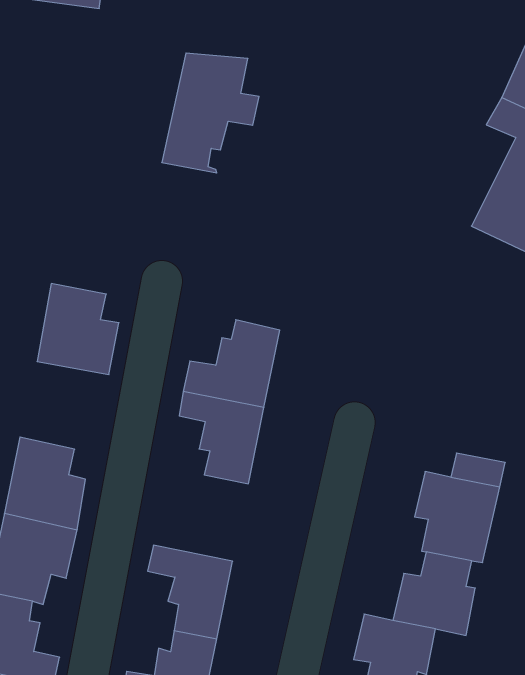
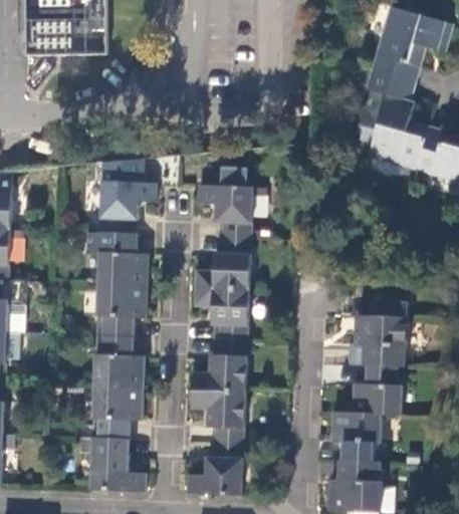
building: [162,53,259,173] -> [100,159,156,235]
building: none -> [199,184,253,240]
building: none -> [96,285,147,337]
building: none -> [193,340,247,393]

